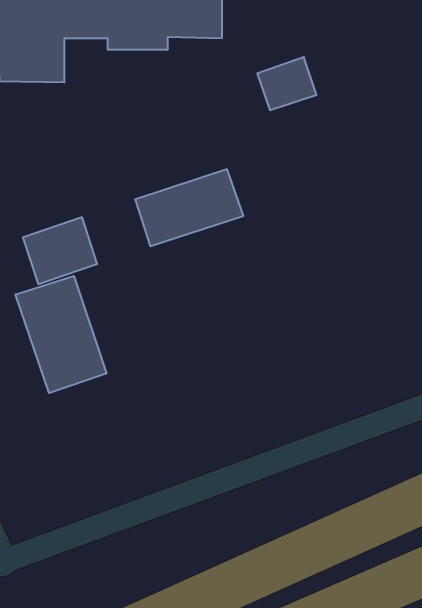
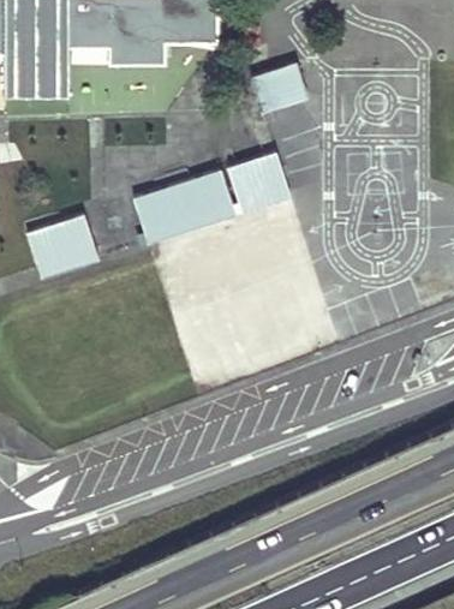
building: none -> [228,151,291,213]
building: [15,276,106,393] -> none

